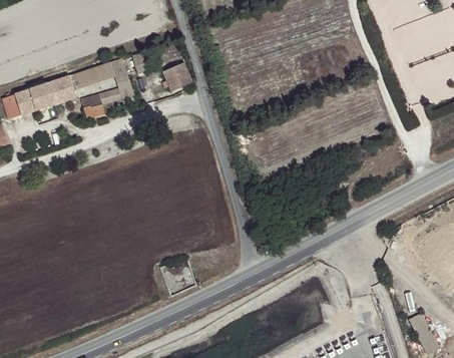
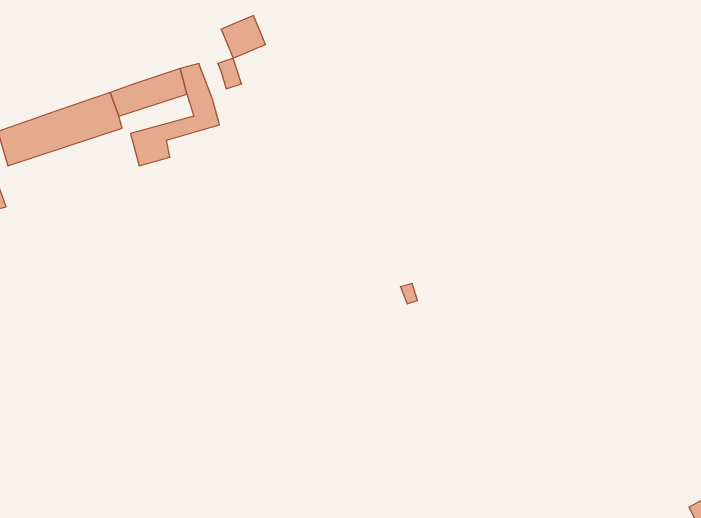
building: [163,64,189,89] -> [221,16,266,58]

